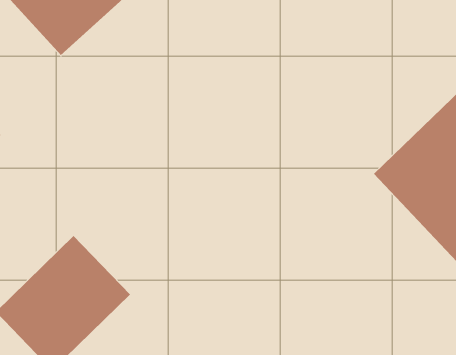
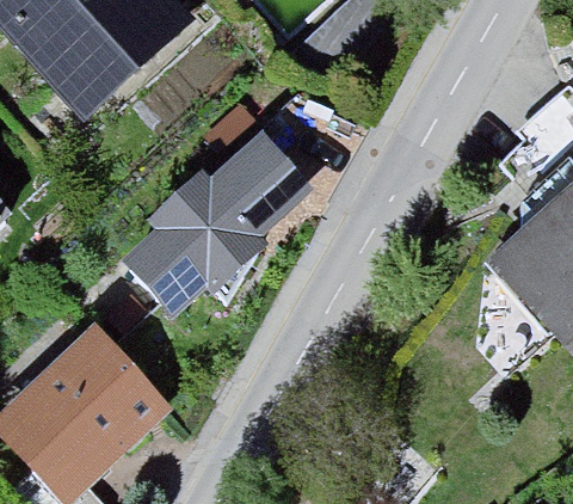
building: none -> [135,131,303,305]

